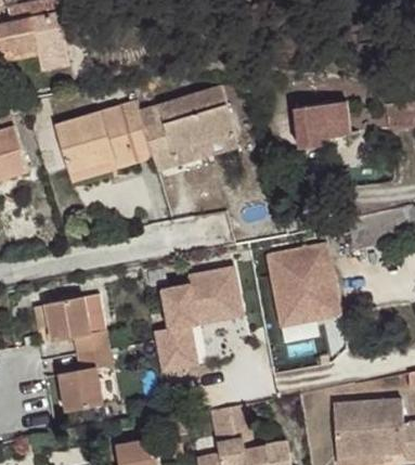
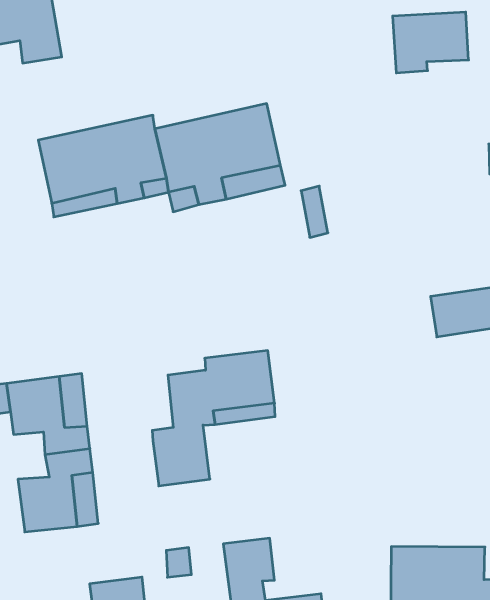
building: [293,100,350,147] -> [393,12,469,73]
building: [267,244,338,326] -> none

